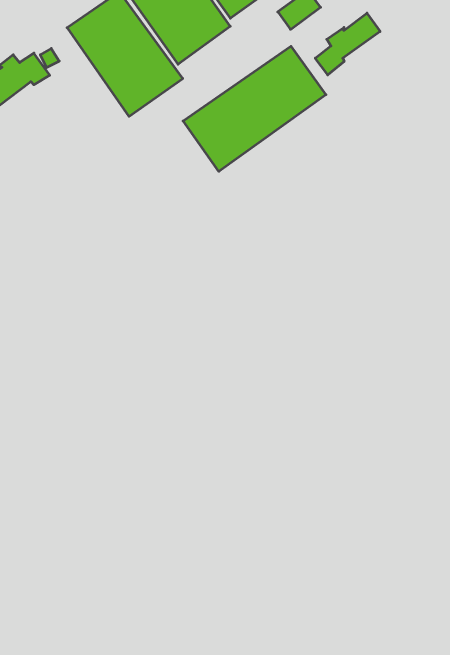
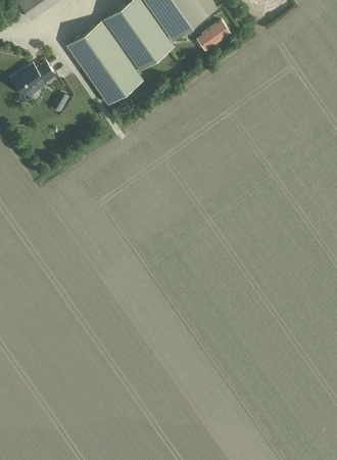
building: [315,13,380,75] -> none
building: [183,46,326,171] -> none

